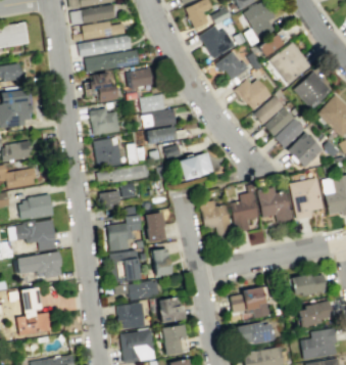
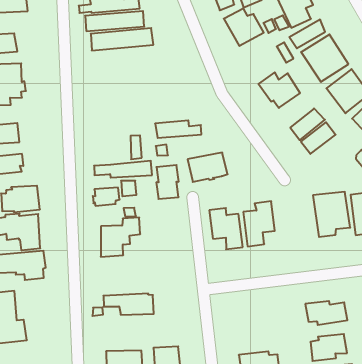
building: [216,51,250,80] -> none
building: [129,69,156,90] -> none
building: [85,73,118,101] -> none
building: [143,95,179,128] -> none
building: [255,96,285,125] -> none
building: [90,107,120,135] -> none
building: [287,132,323,168] -> none
building: [94,137,122,168] -> none
building: [257,187,294,225] -> none
building: [146,212,167,242] -> [156,165,179,199]
building: [153,248,171,276] -> none
building: [110,250,141,282] -> none
building: [231,286,271,318] -> none
building: [159,296,186,323] -> none
building: [117,303,145,329] -> none

